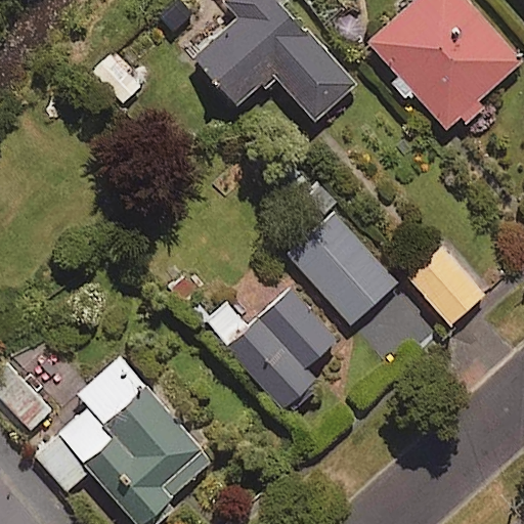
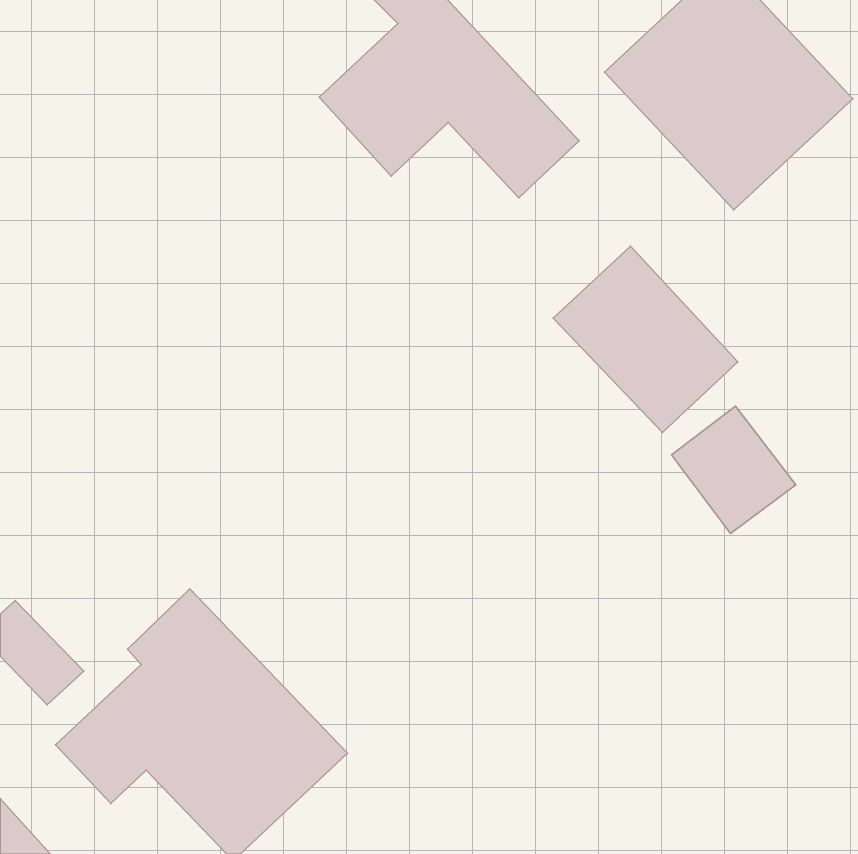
building: [286,210,398,323] -> [553,246,738,432]
building: [205,290,339,408] -> none

